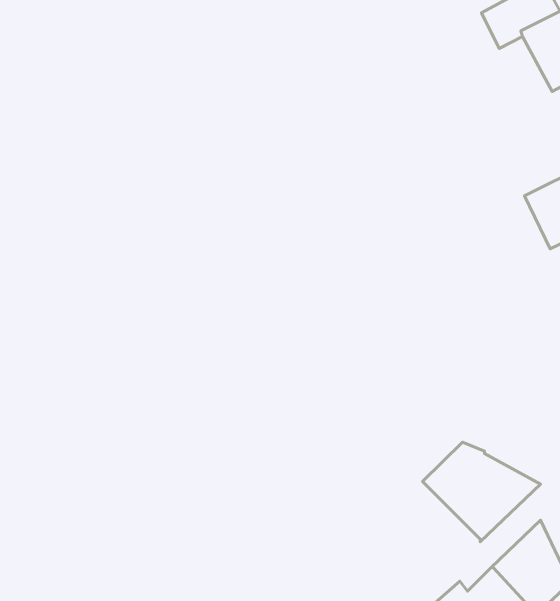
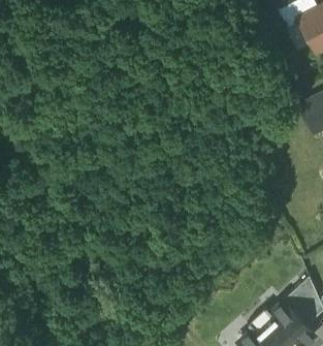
building: [422,442,541,542] -> none

